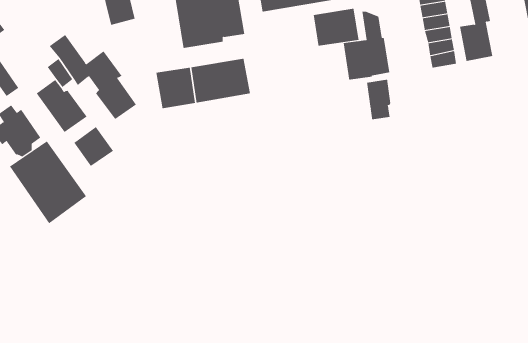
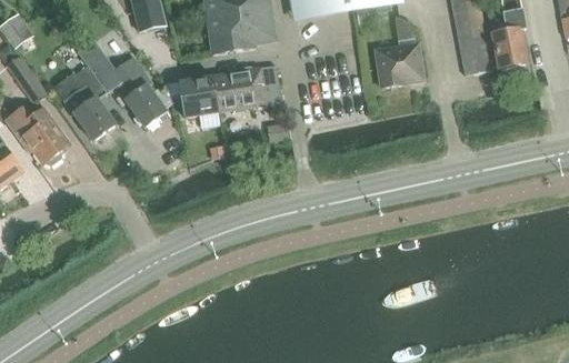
building: [313,8,359,46] -> none
building: [366,79,391,120] -> none
building: [73,126,114,167] -> none
building: [9,141,87,224] -> none

